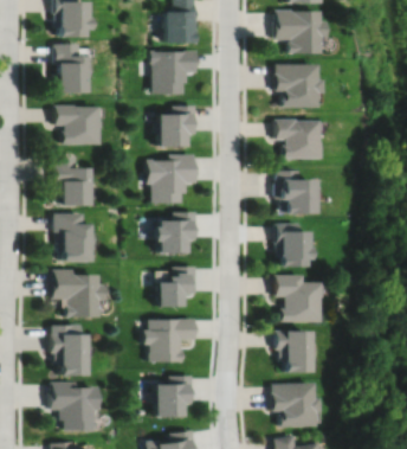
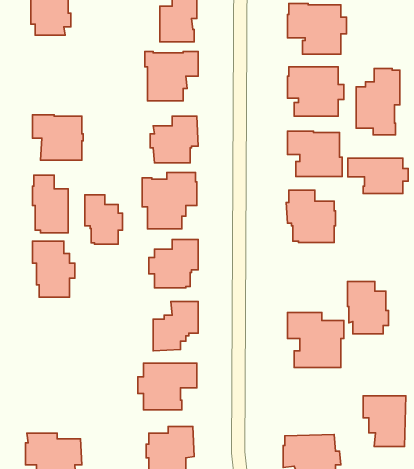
building: [53,44,89,92] -> none
building: none -> [356,69,400,135]
building: none -> [348,158,408,194]
building: none -> [85,195,122,244]
building: [274,224,310,269] -> [347,282,389,334]
building: [52,270,102,319] -> none
building: [51,326,89,374] -> none
building: [274,332,311,376] -> [363,396,406,447]

